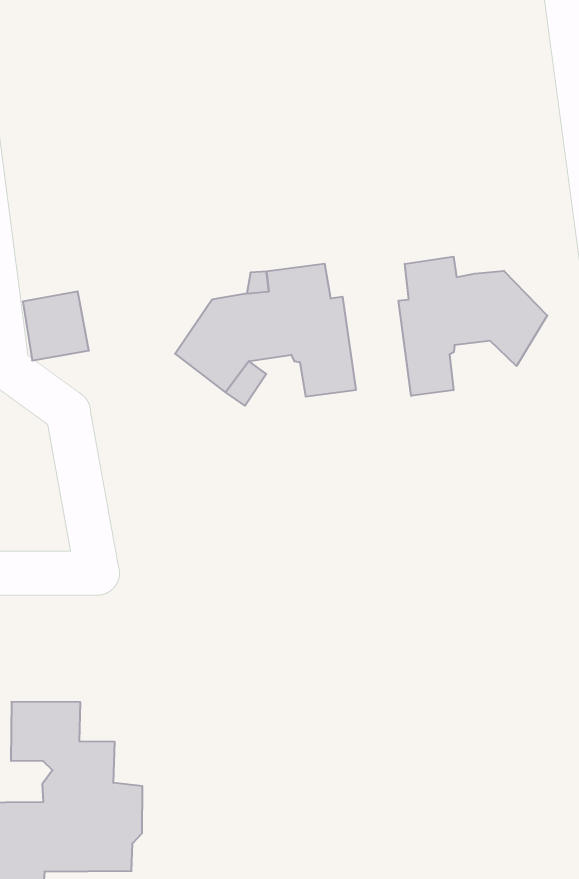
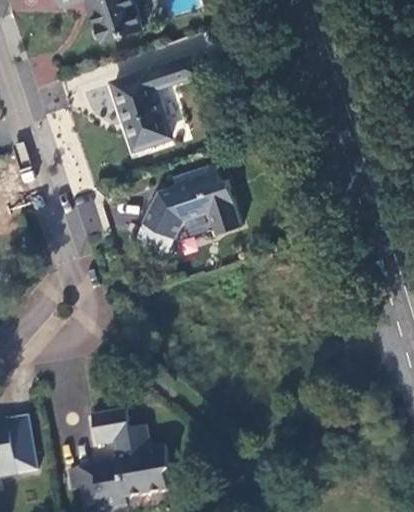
building: none -> [112,56,198,150]
building: [399,257,547,396] -> none

